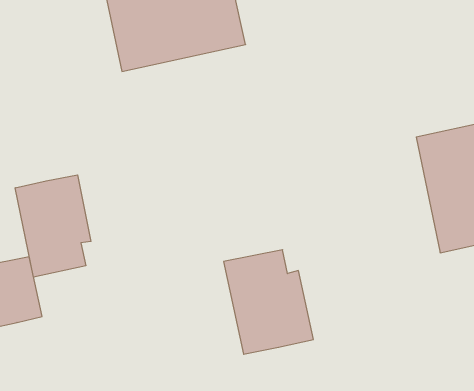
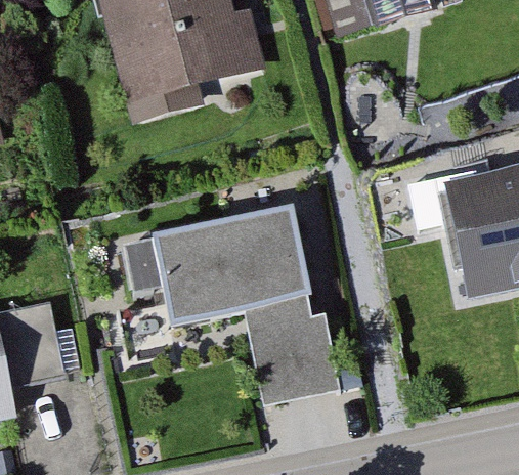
building: none -> [149,207,301,316]
building: [15,175,91,277] -> none

